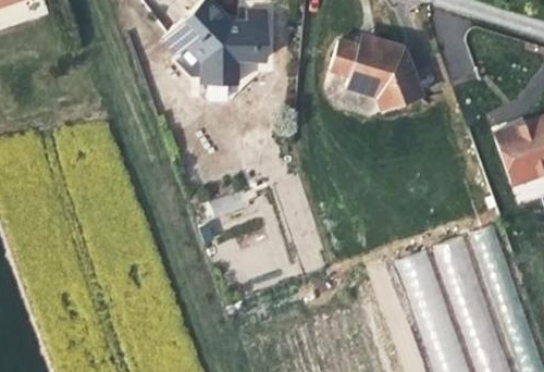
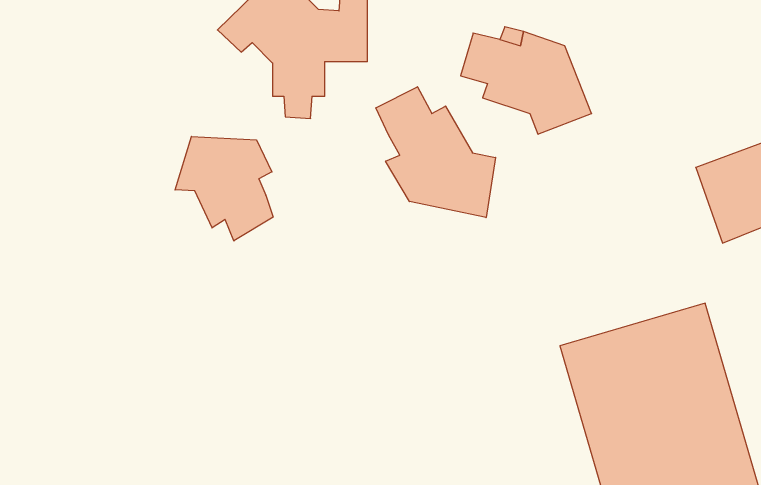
building: none -> [376,87,496,218]
building: none -> [175,136,273,241]

